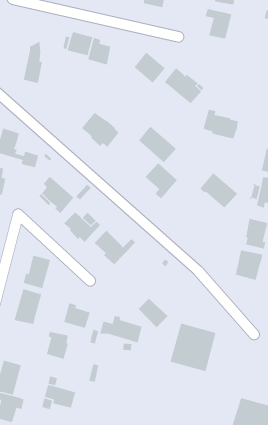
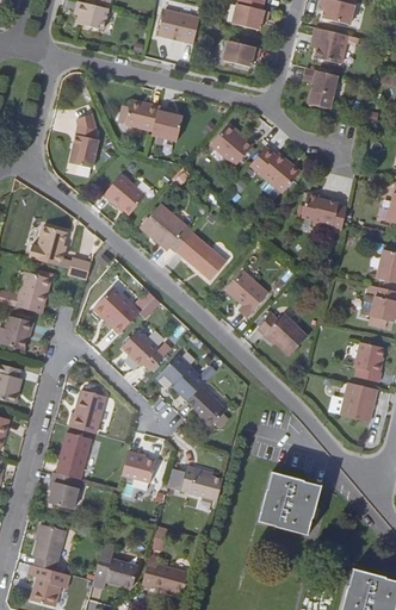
building: none -> [104,170,148,212]
building: [138,125,177,163] -> [178,230,228,279]
building: [199,172,238,208] -> [259,304,309,350]
building: [138,298,168,328] -> [185,387,224,427]
building: [46,330,69,360] -> [49,471,79,509]
building: none -> [141,560,187,595]

